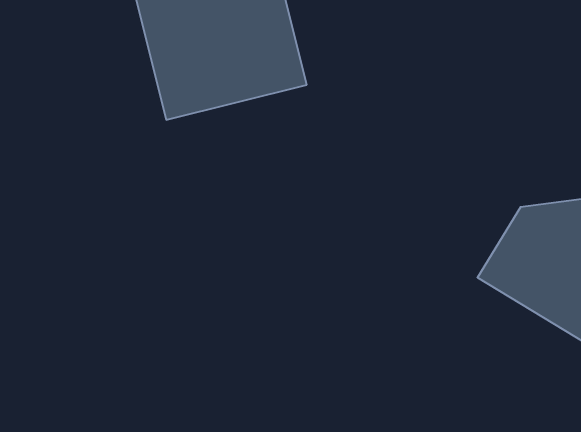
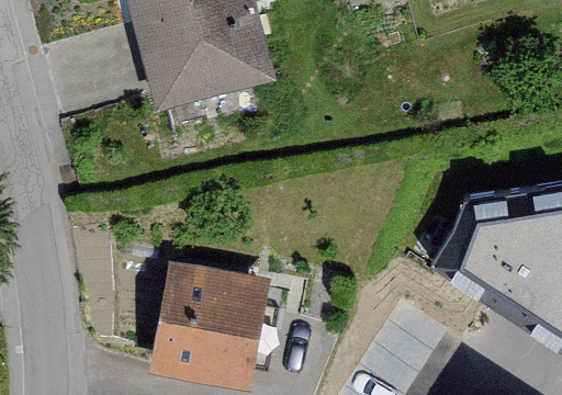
building: none -> [153,263,279,375]

